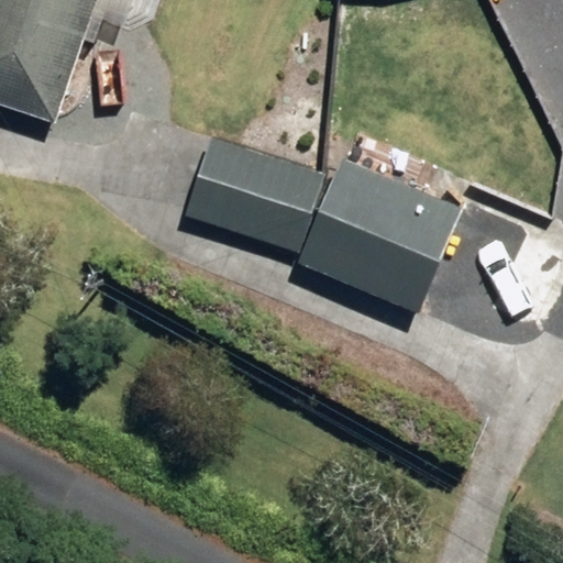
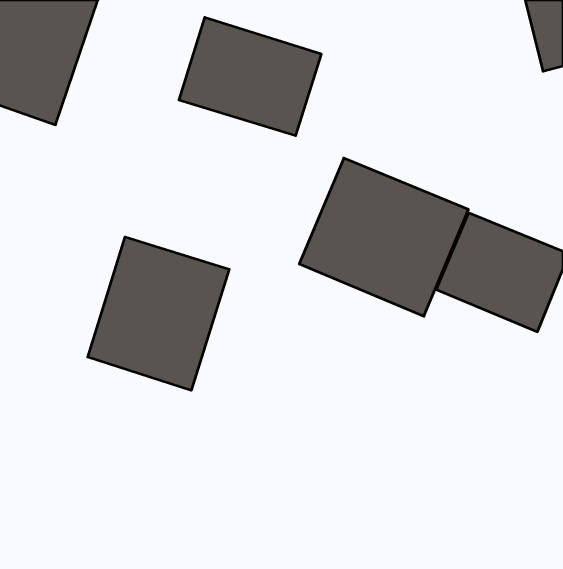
building: [181,134,322,251] -> [179,17,321,136]
building: none -> [88,237,229,390]

